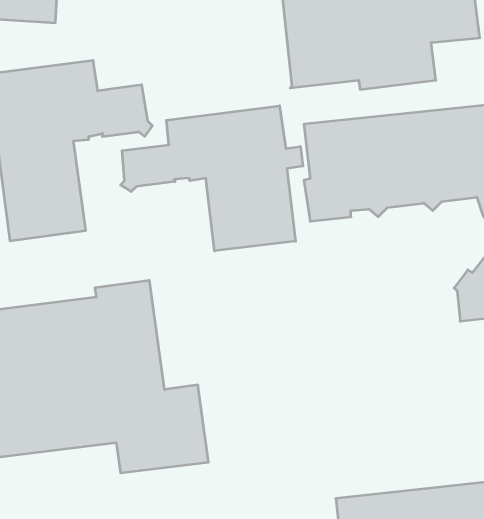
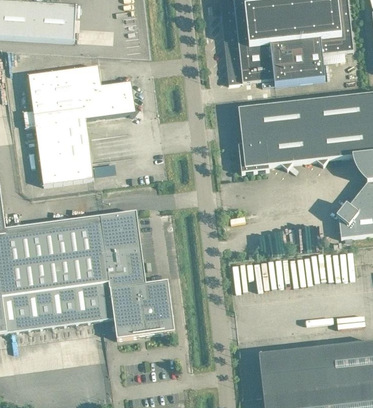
building: [121,106,303,251] -> none

